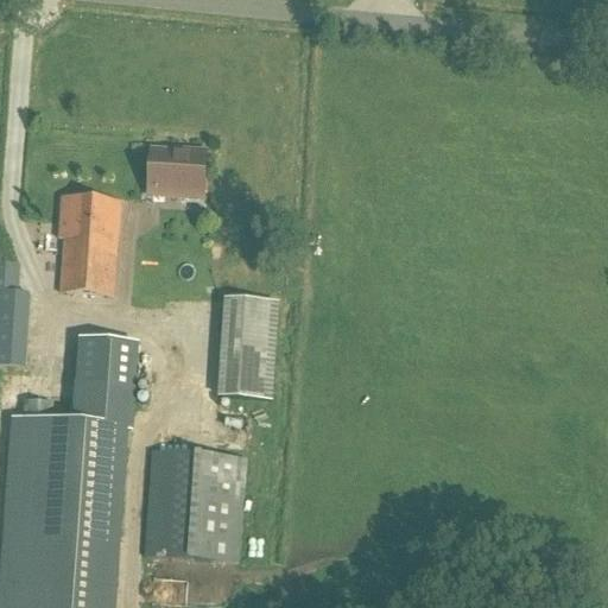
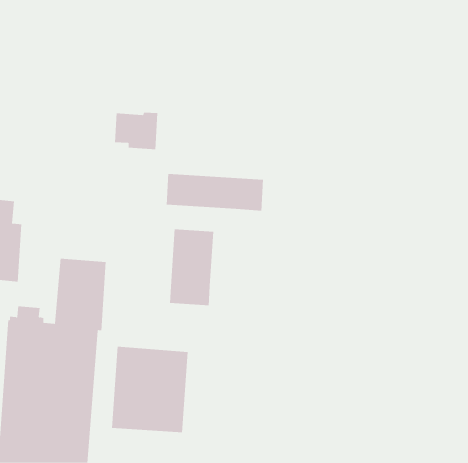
building: [57,194,119,292] -> none
building: none -> [166,173,264,211]

